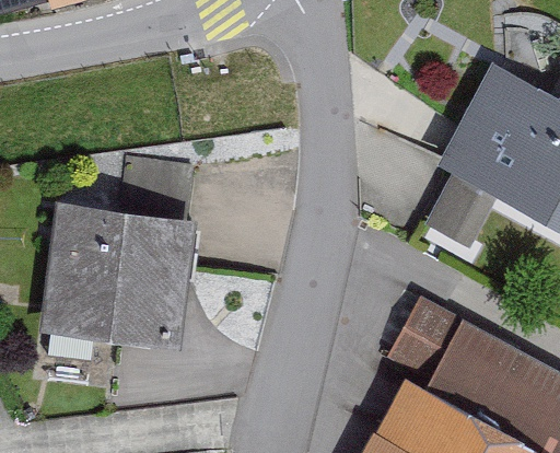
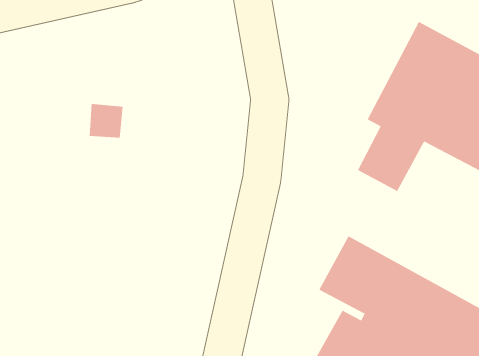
building: [47,208,200,347] -> none

